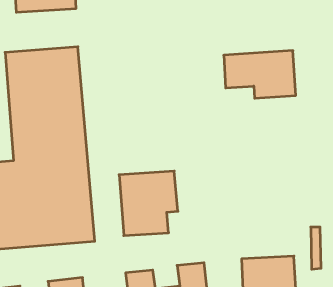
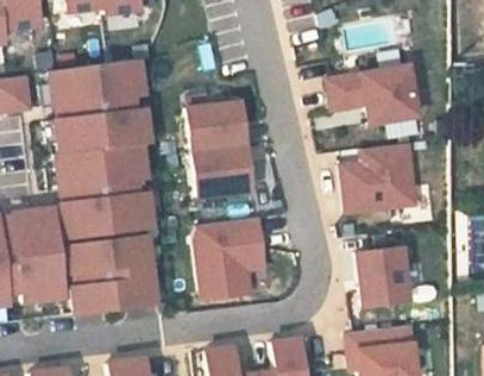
building: none -> [184,99,254,202]
building: none -> [341,148,419,214]
building: none -> [354,246,411,309]

